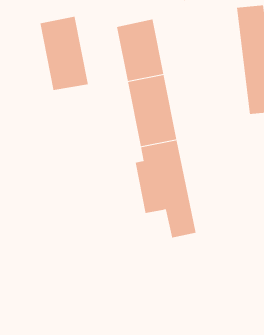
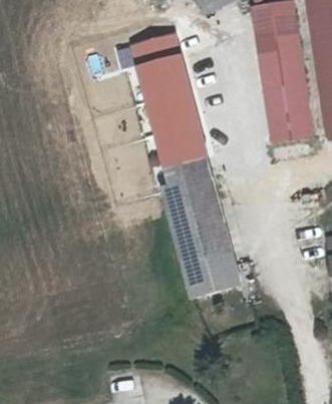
building: [40,16,89,91] -> none
building: none -> [170,235,232,299]

